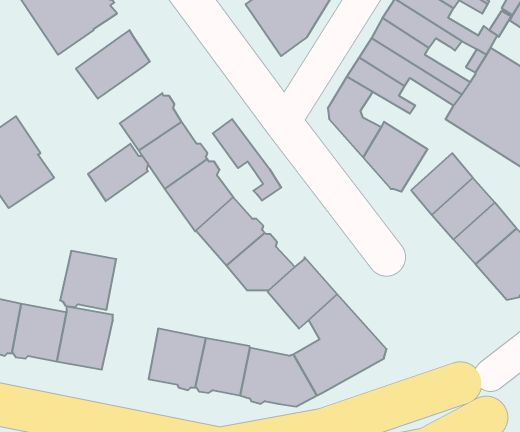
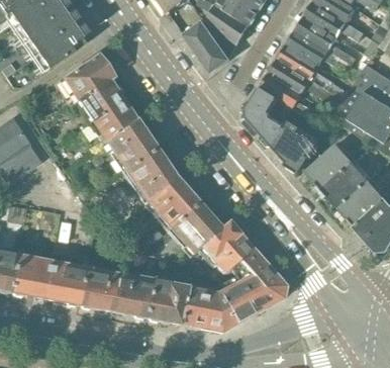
building: [213,119,281,201] -> none
building: [88,144,148,201] -> [78,78,122,120]
building: [60,251,116,310] -> [78,266,119,309]

